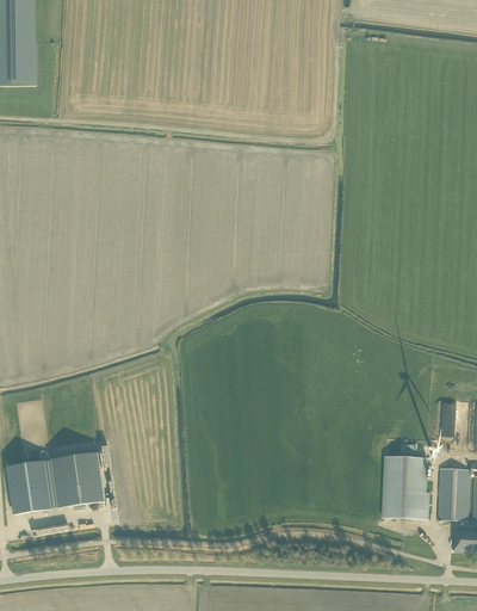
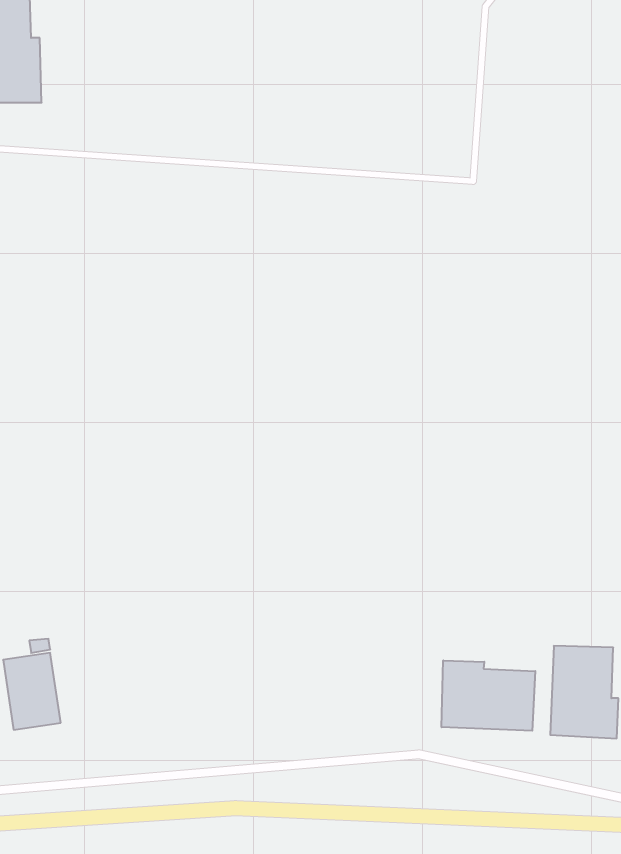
building: [52,451,101,505] -> none
building: none -> [442,660,535,731]

